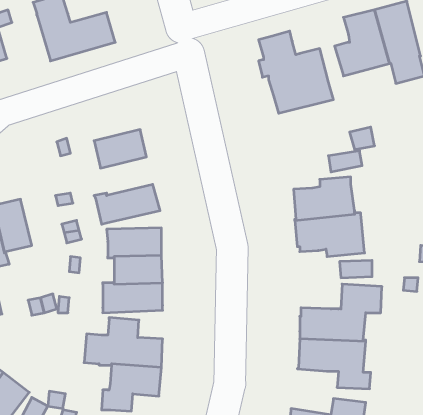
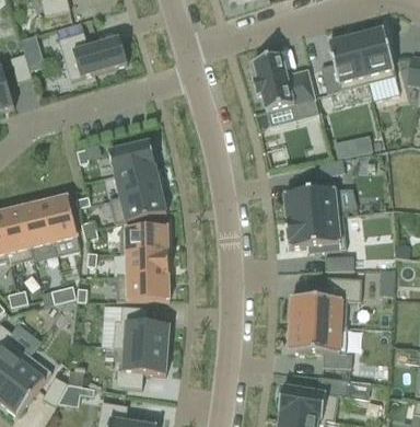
building: none -> [115,164,161,198]
building: none -> [45,196,78,242]

